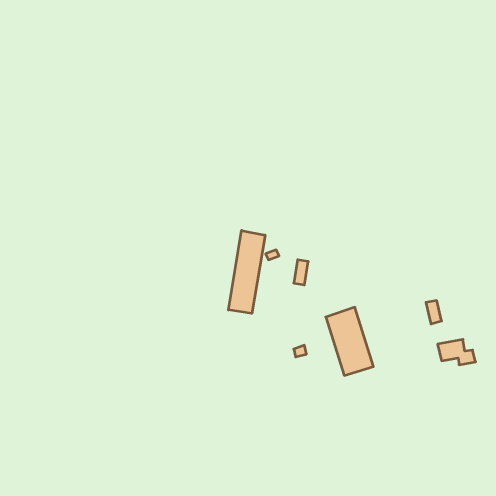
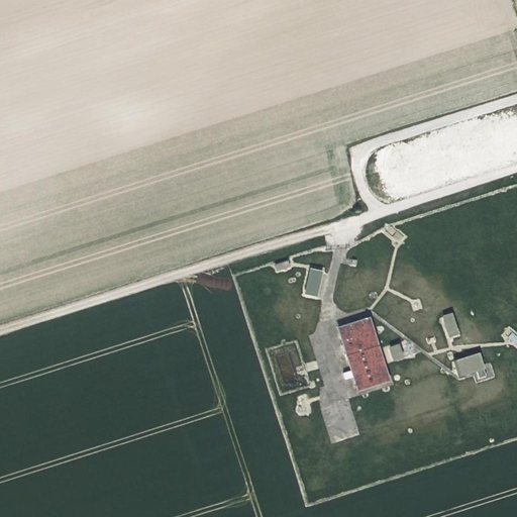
building: [228,230,265,313] -> none

